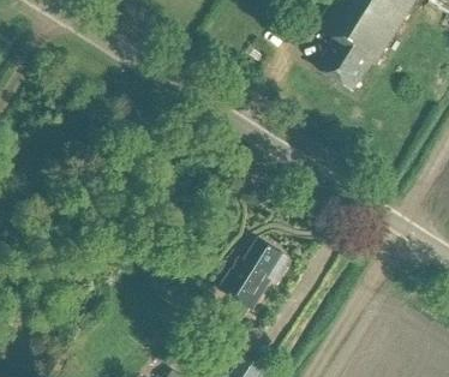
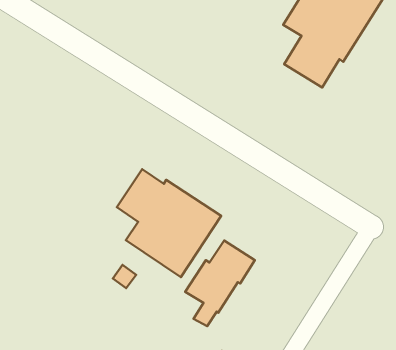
building: none -> [117,169,221,277]

